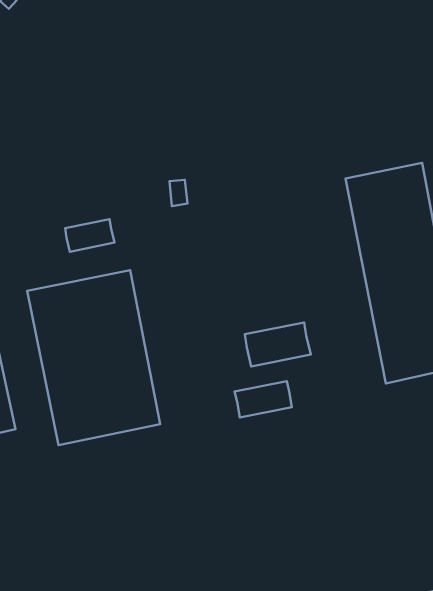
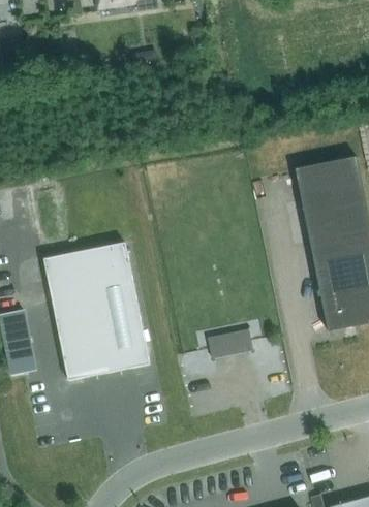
building: [65,219,114,252] -> none
building: [245,322,311,366] -> none

